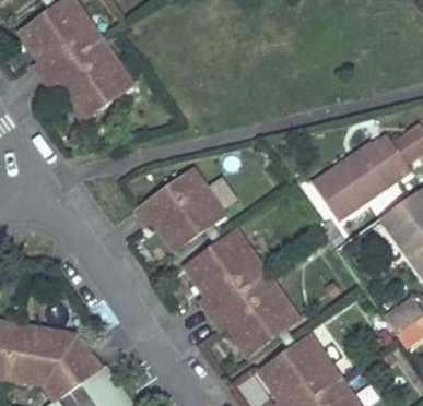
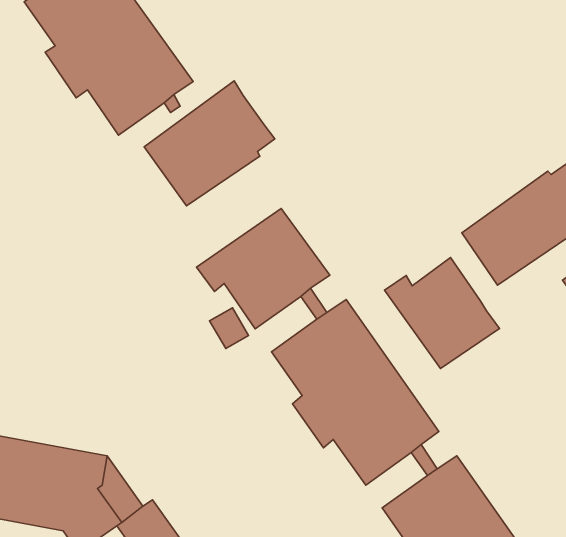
building: none -> [144,81,275,206]
building: none -> [385,258,499,368]

